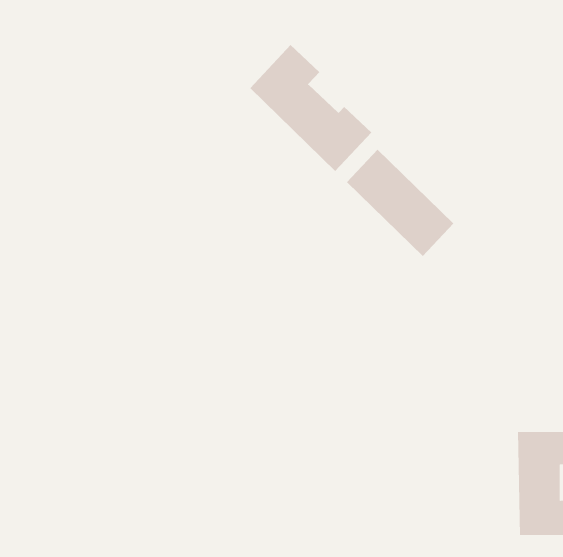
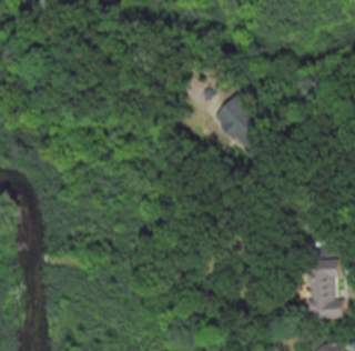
building: [249,44,372,172] -> none

